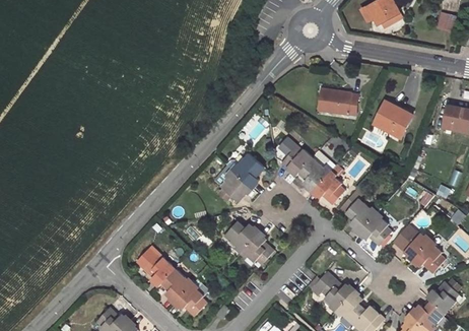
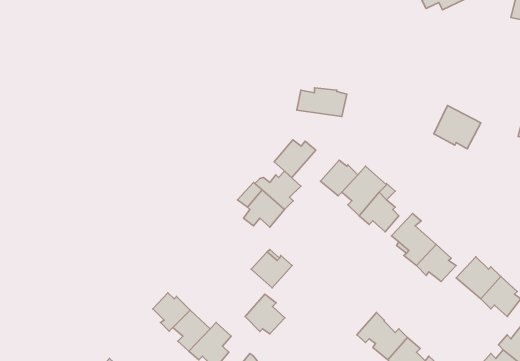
building: [318,90,358,114] -> [297,88,347,116]
building: none -> [274,140,316,178]
building: [242,231,274,264] -> [245,294,285,334]

